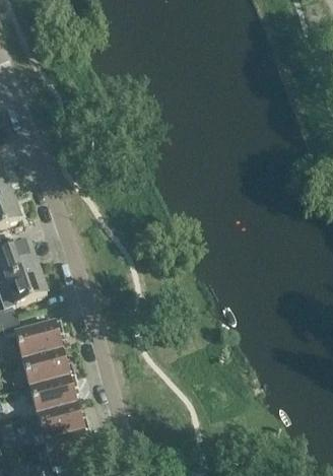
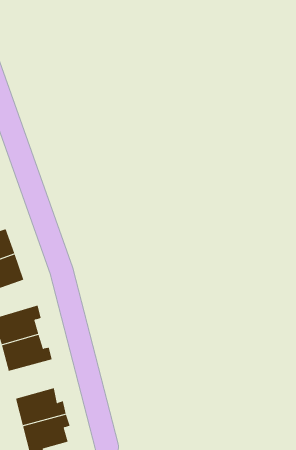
building: [27,369,75,409] -> none

